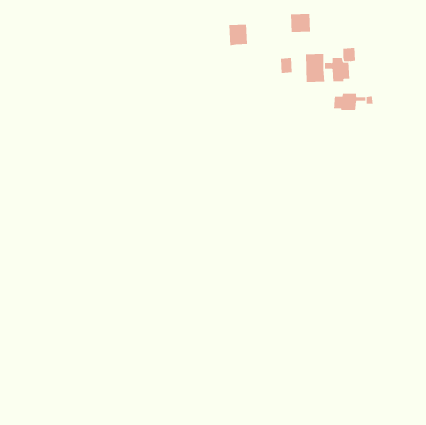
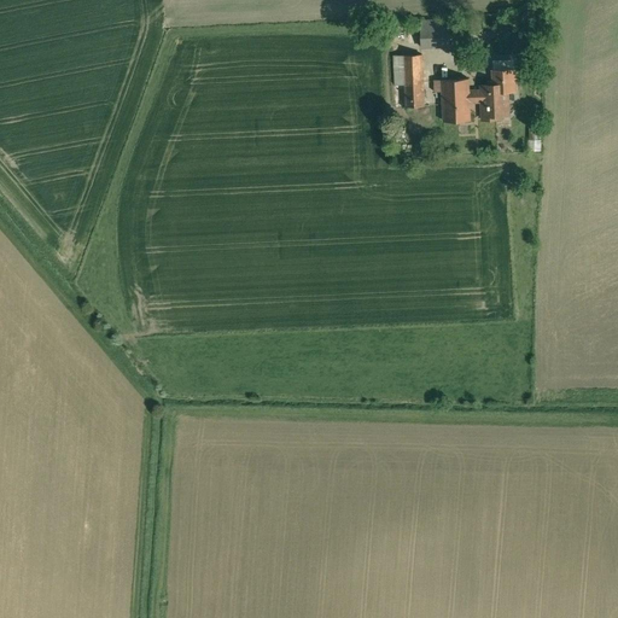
building: [229,24,248,46] -> [395,56,422,87]
building: [333,93,366,111] -> none

